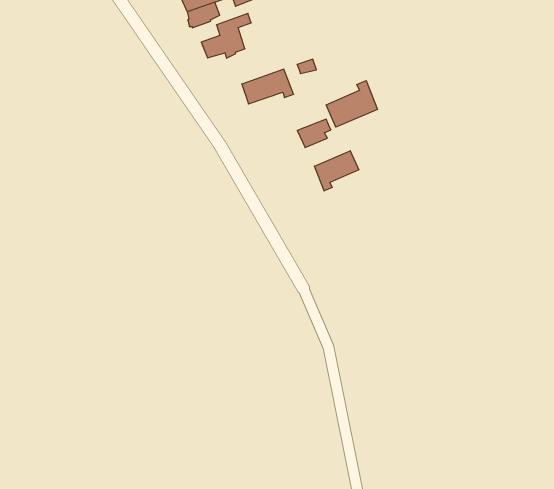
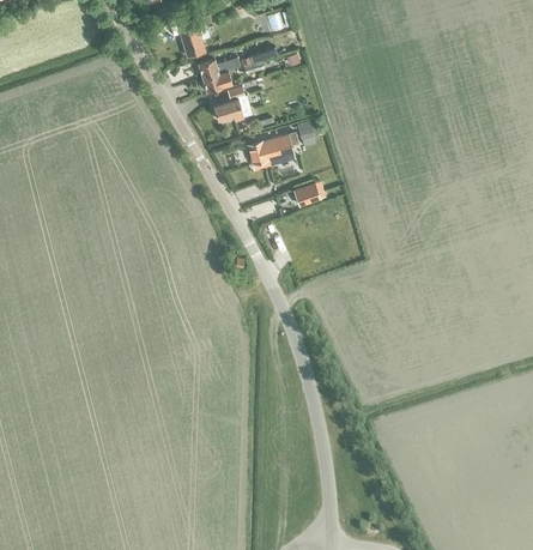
building: [326,81,377,127] -> none
building: [314,151,359,191] -> none

